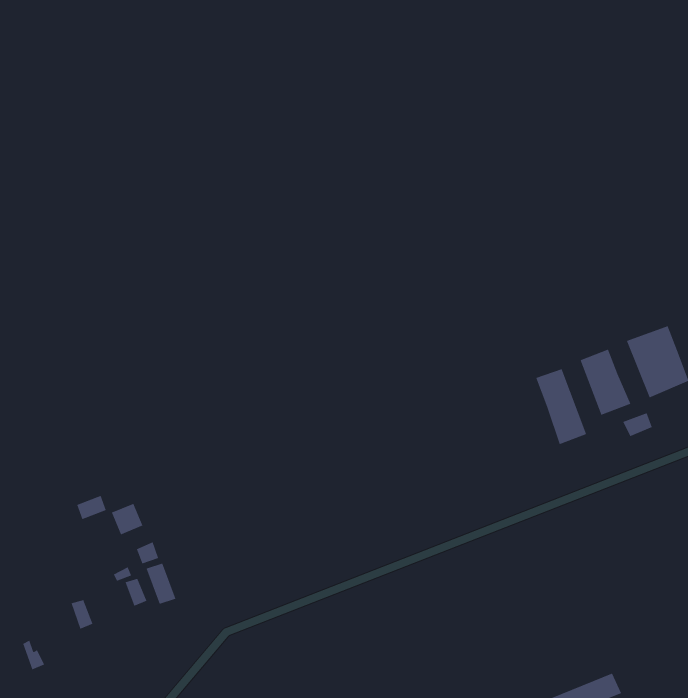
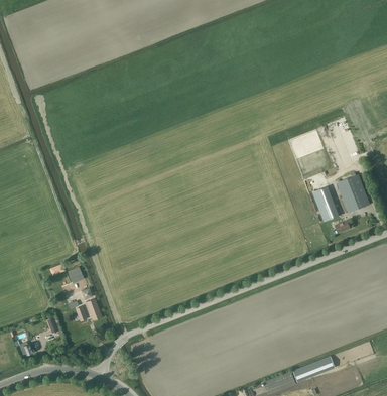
building: [535,368,587,445] -> none

